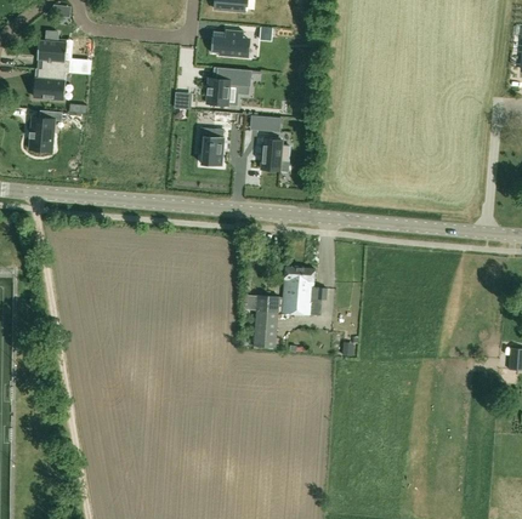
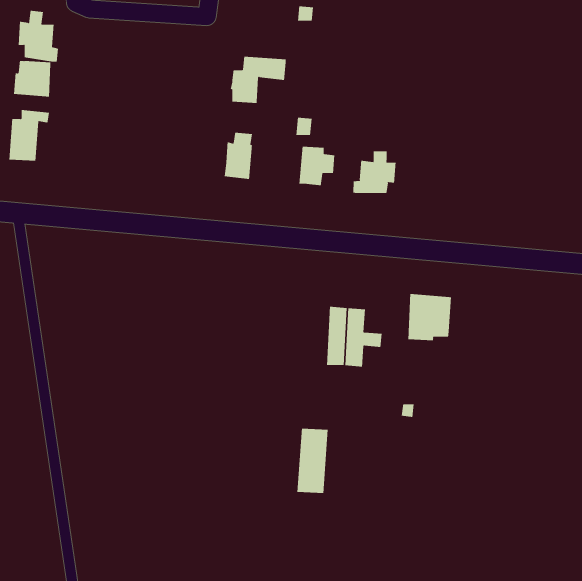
building: [210,28,244,56] -> none
building: none -> [353,150,396,194]
building: none -> [408,293,452,341]
building: [254,295,279,347] -> [297,428,329,494]

